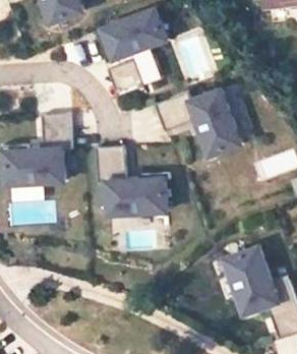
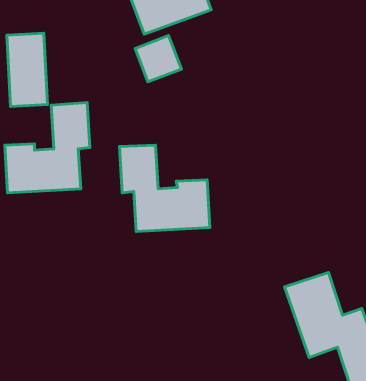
building: none -> [7,33,48,107]
building: [156,88,243,156] -> none

